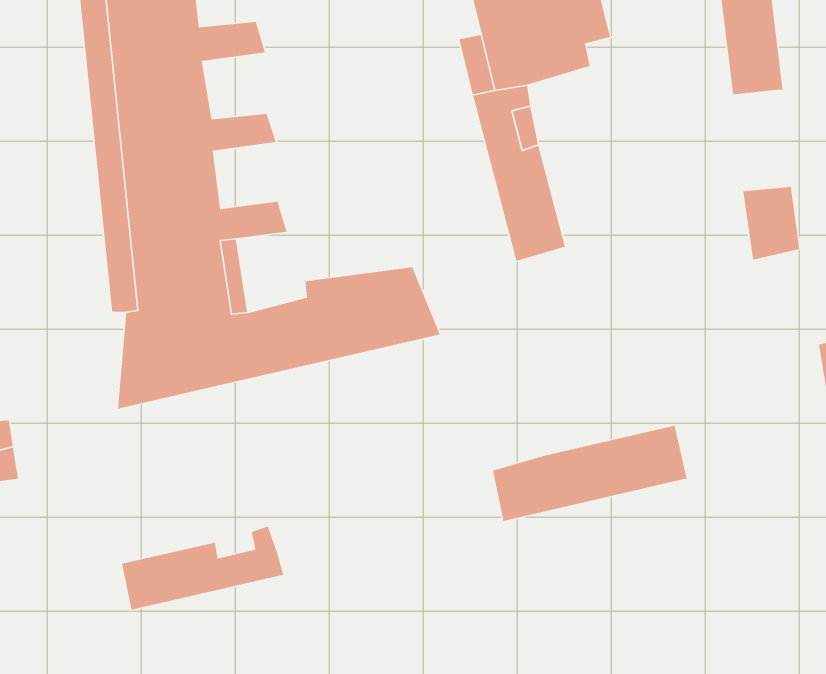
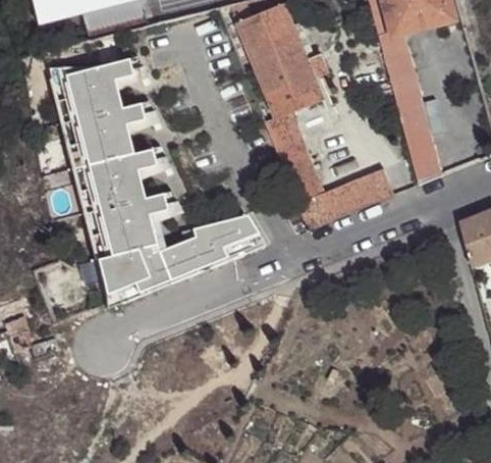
building: none -> [397,95,434,149]
building: [492,425,687,522] -> [299,165,399,227]
building: [121,525,284,610] -> none

